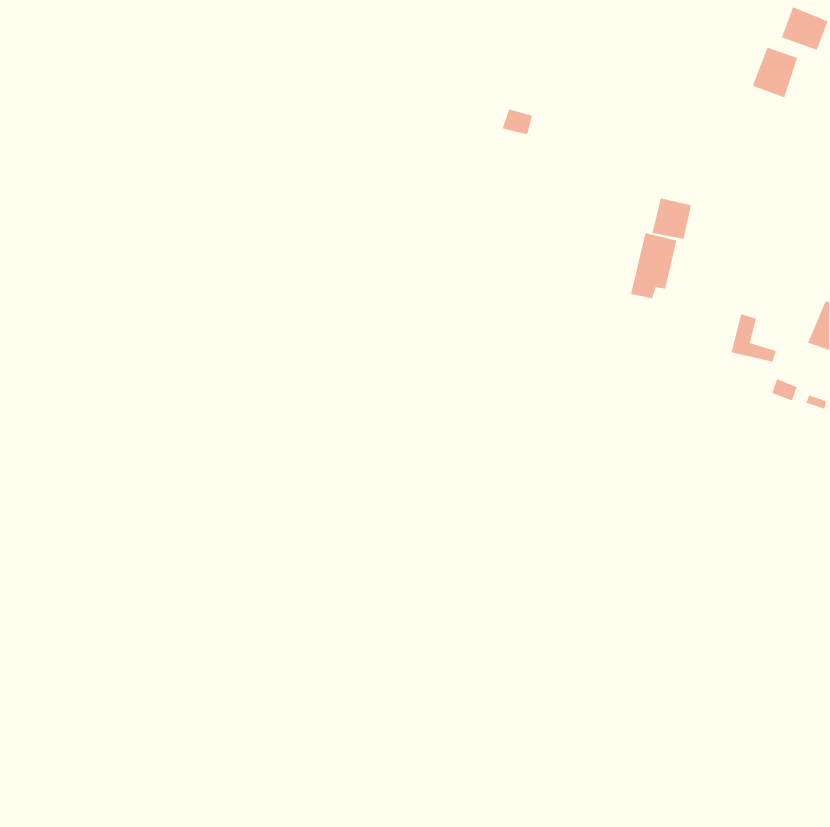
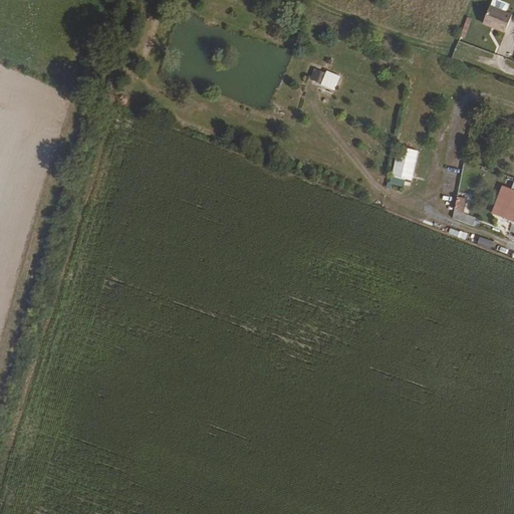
building: [752,47,798,98] -> none
building: [652,197,691,240] -> none

